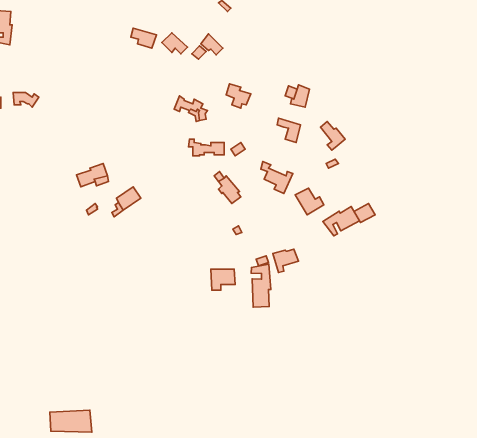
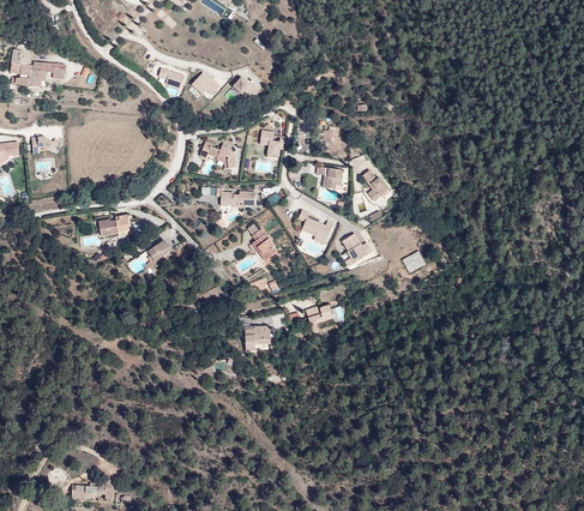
building: none -> [26,61,62,85]
building: [323,207,359,236] -> none
building: [251,264,271,307] -> none

